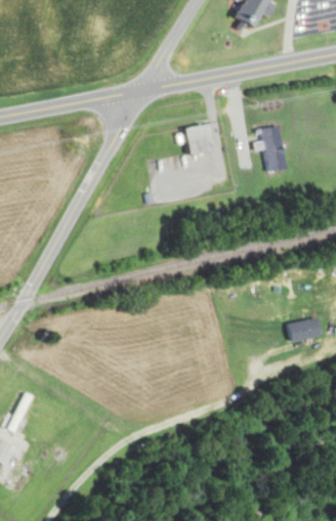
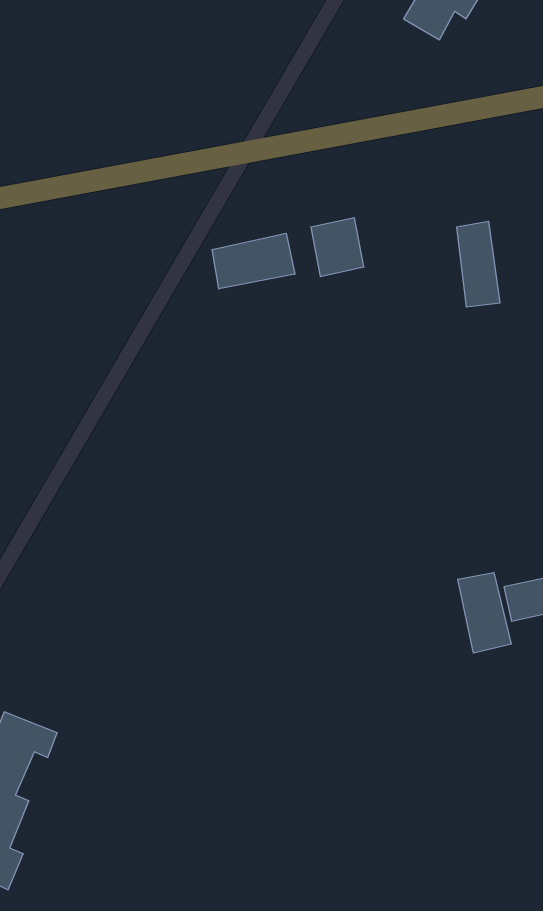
building: none -> [212,233,295,289]
building: none -> [458,573,511,653]

